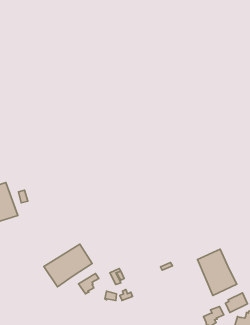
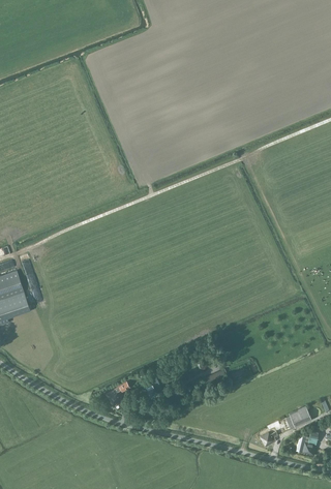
building: [44,244,92,287] -> none
building: [197,249,237,296] -> none

